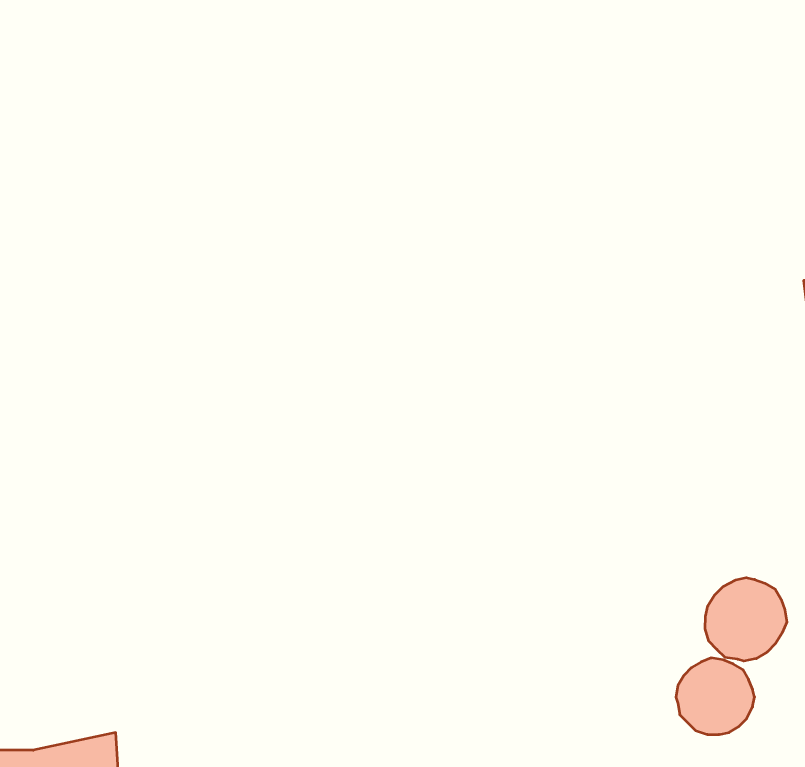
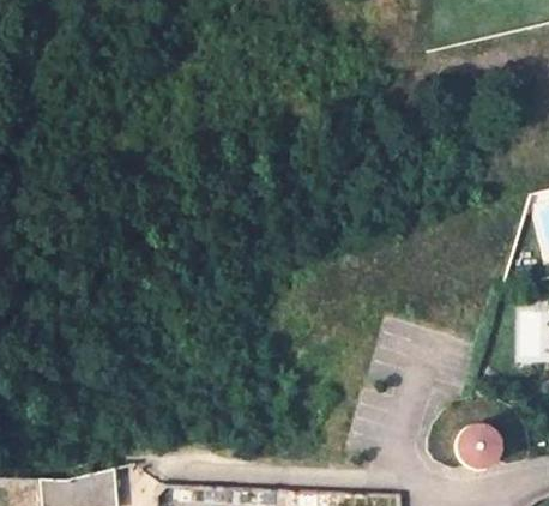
building: [705,578,787,661] -> none

